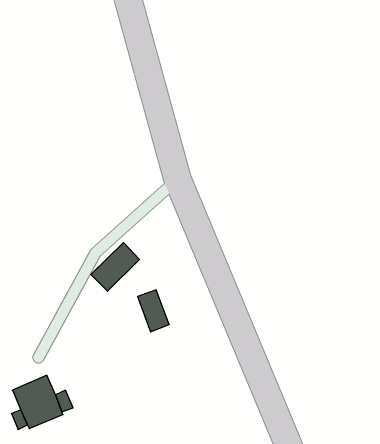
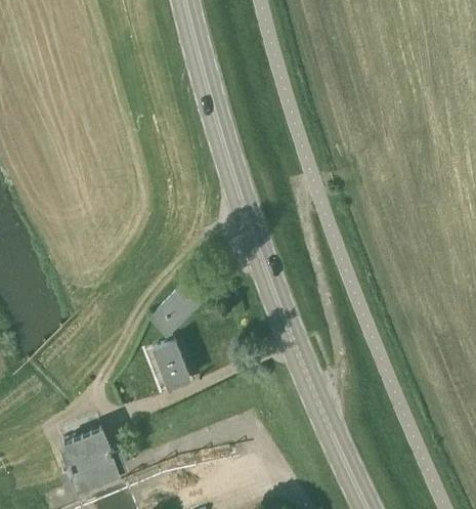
building: [138,290,169,332] -> [154,342,188,388]

